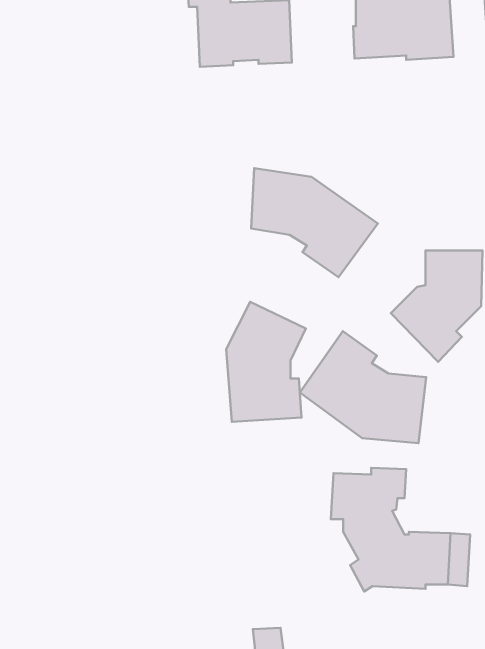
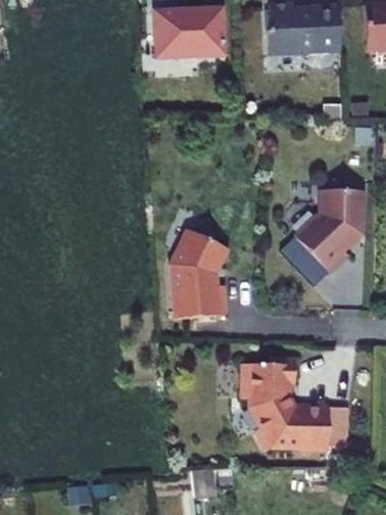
building: [251,168,378,277] -> none
building: [300,331,426,443] -> none

